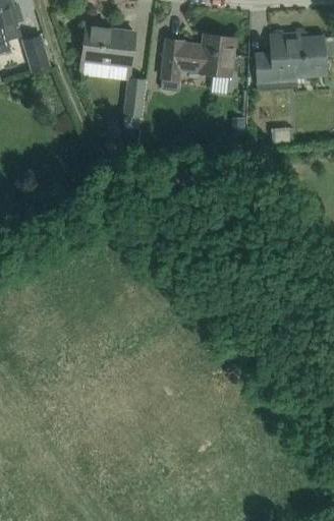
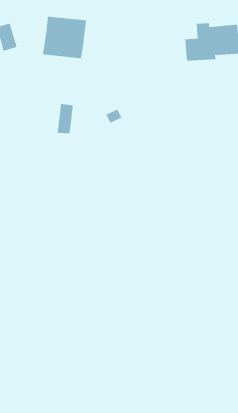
building: [162,34,234,94] -> none
building: [124,78,145,116] -> [57,104,73,134]

